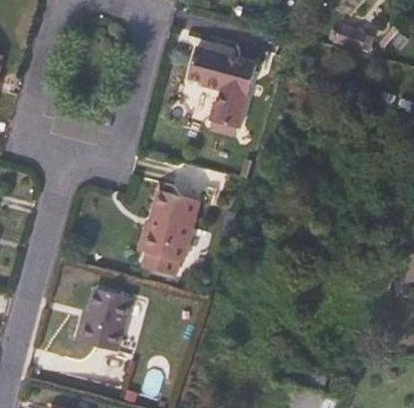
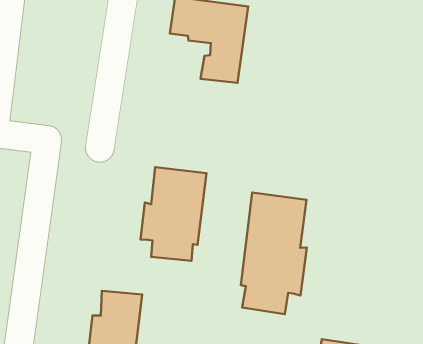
building: none -> [241,192,307,314]

